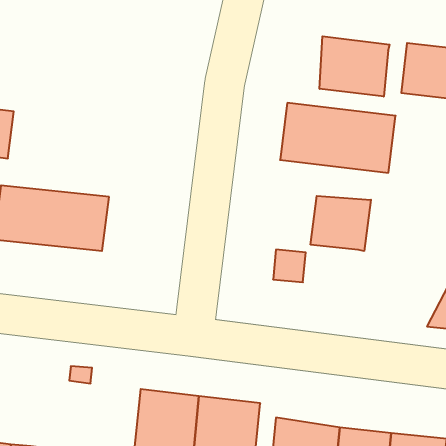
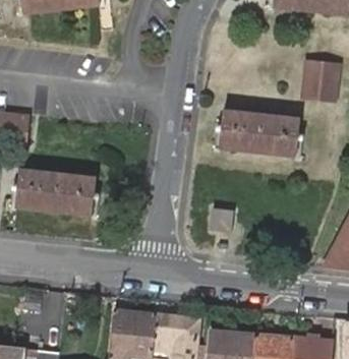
building: [320,36,390,97] -> none
building: [311,196,371,251] -> none

